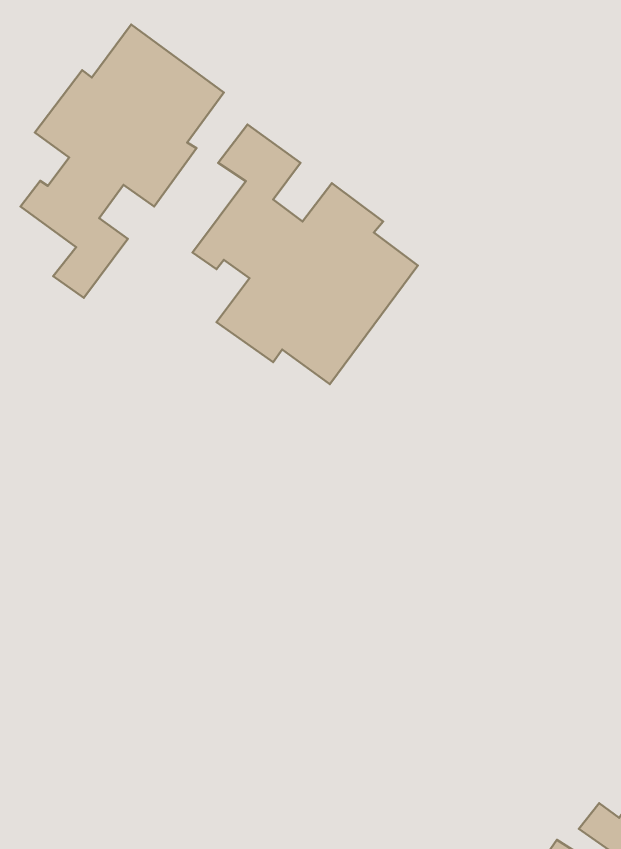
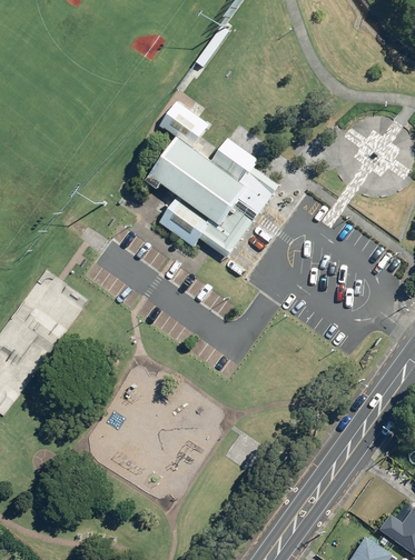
building: [20,24,224,298] -> none

